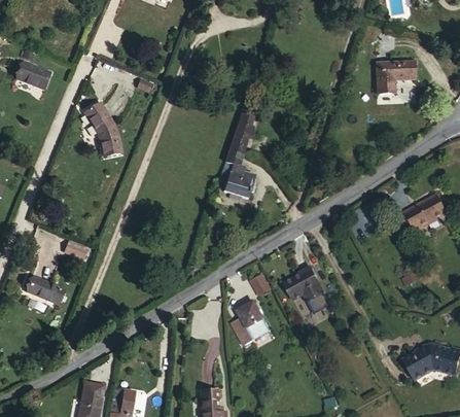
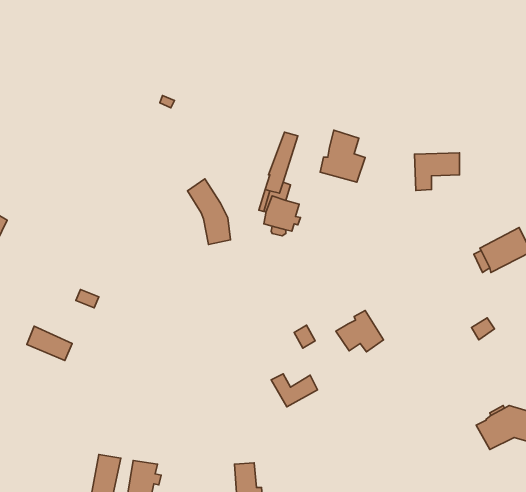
building: [20,58,55,85] -> none
building: [376,60,414,92] -> [414,153,460,191]
building: [84,104,120,160] -> [188,179,230,245]
building: none -> [320,130,365,182]
building: [237,300,263,327] -> none

